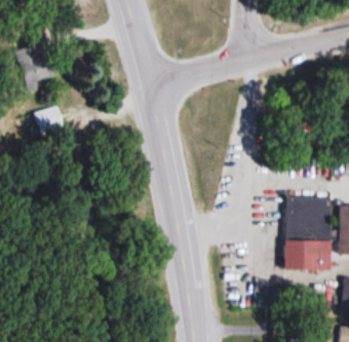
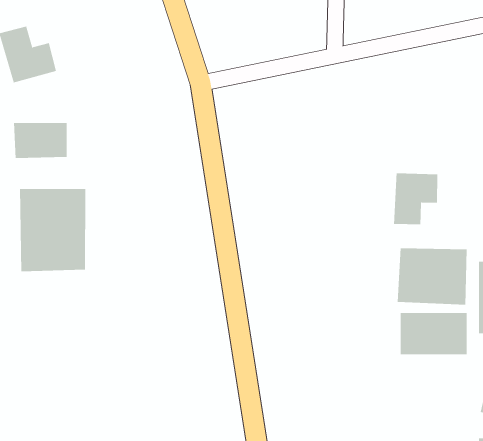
building: none -> [394,173,438,225]
building: none -> [19,188,86,272]

